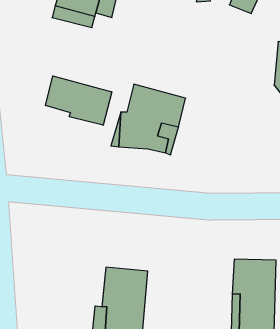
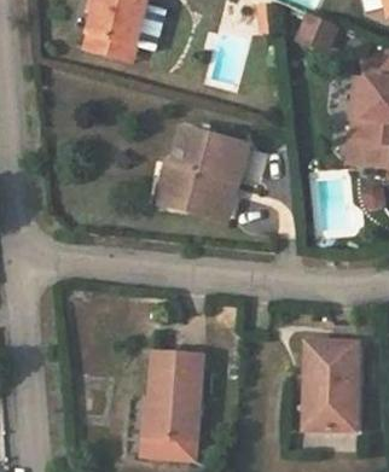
building: [46,76,112,125] -> none

